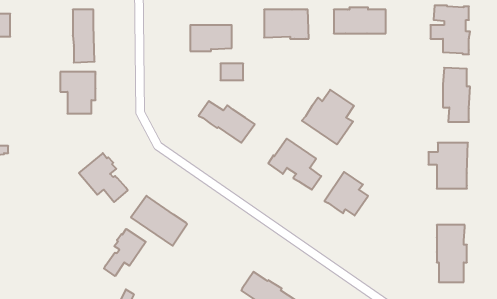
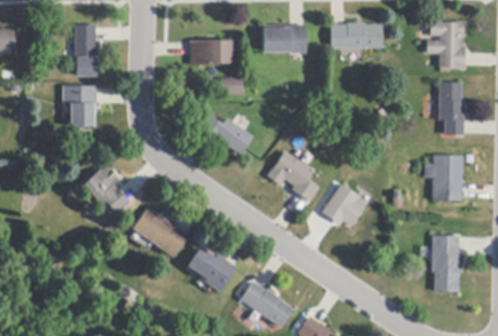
building: [302,90,354,144] -> none
building: [104,229,146,276] -> none
building: none -> [188,246,237,291]

